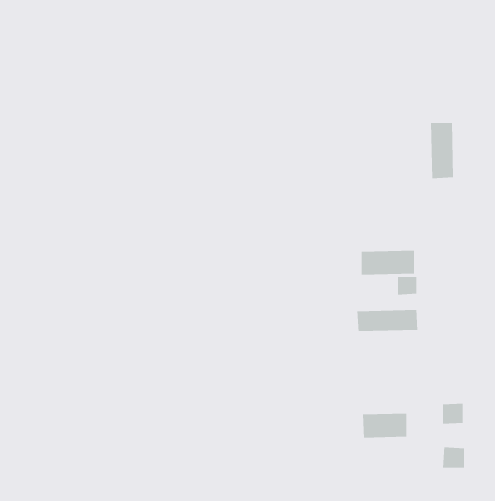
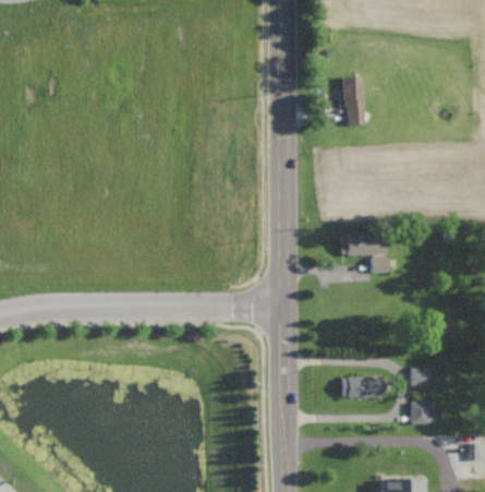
building: [430,123,454,179] -> [344,76,365,125]
building: [357,309,418,332] -> none

